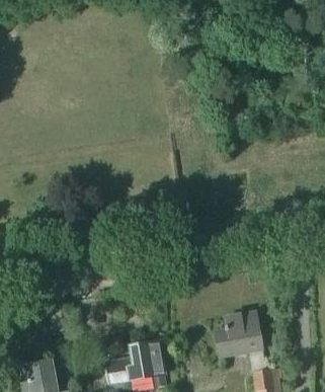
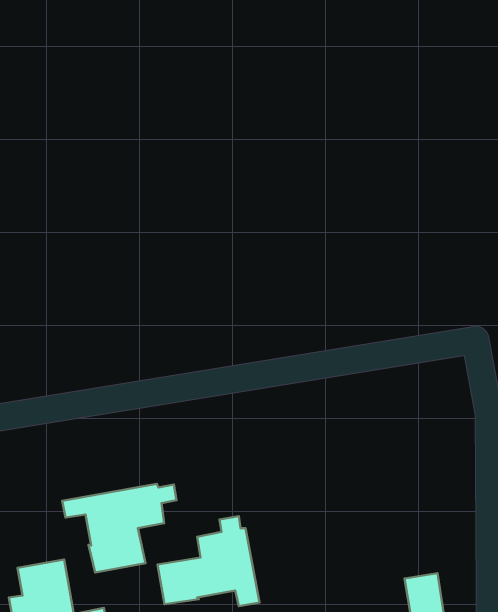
building: [214,311,262,359] -> none
building: none -> [62,484,177,573]

